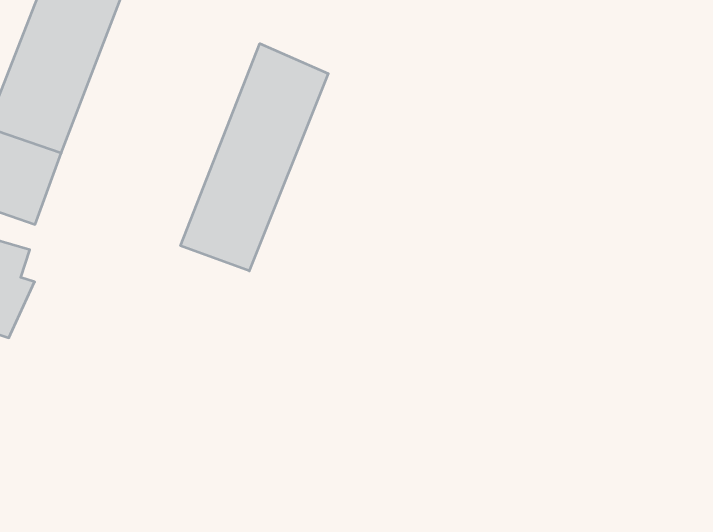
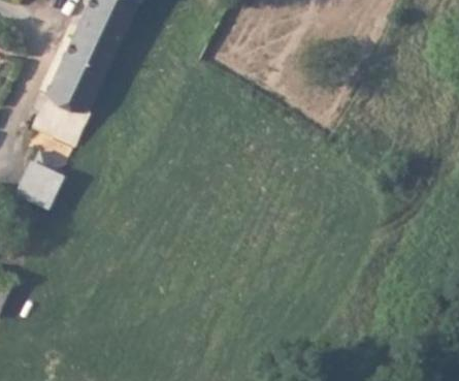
building: [181,44,328,271] -> none

